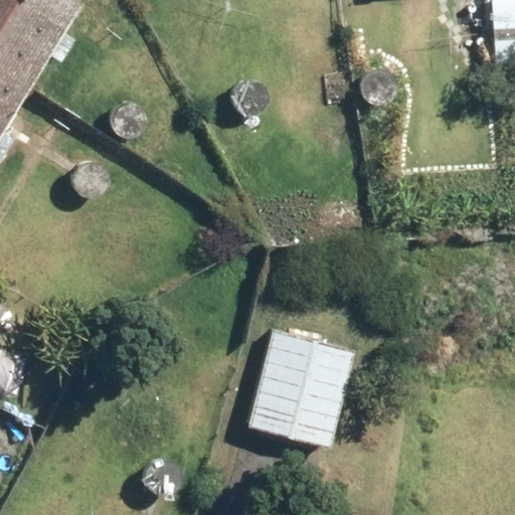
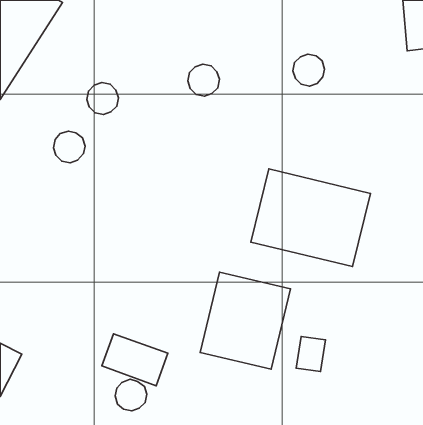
building: none -> [251,169,370,267]

